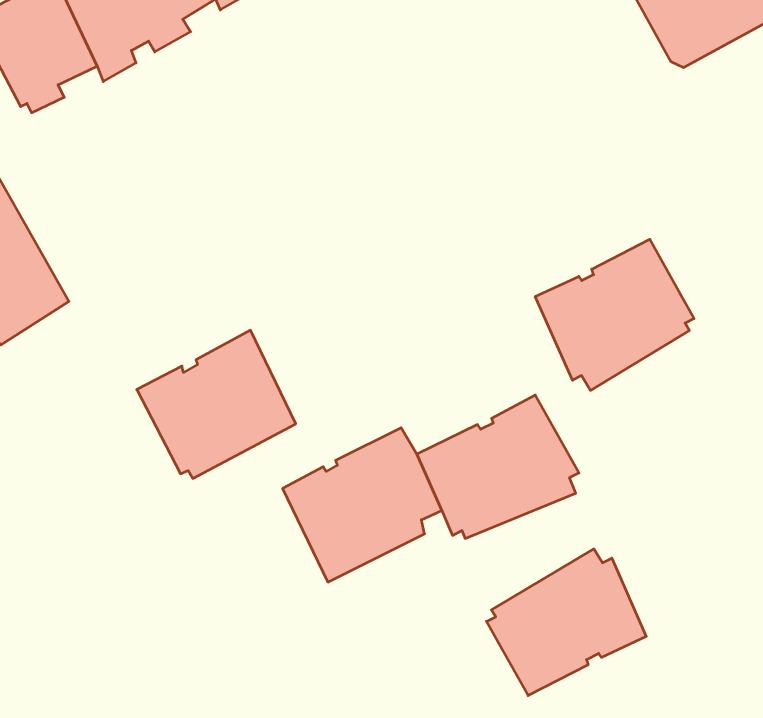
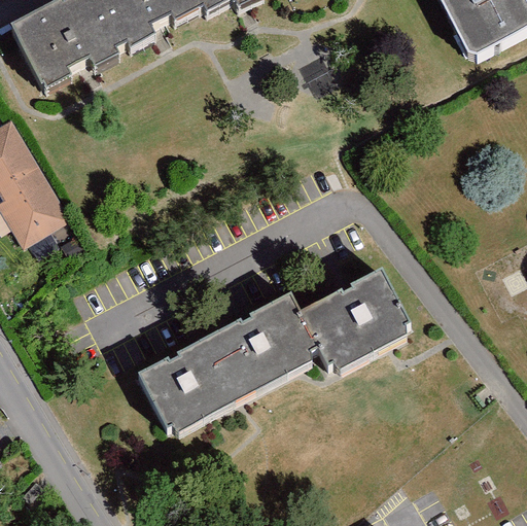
building: [535,239,694,390] -> none
building: [137,330,296,478] -> [133,339,238,436]
building: [486,549,646,696] -> none

